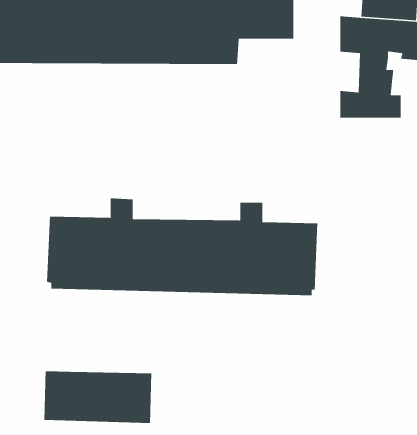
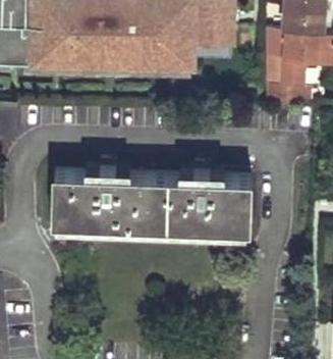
building: [44,370,152,424] -> none

